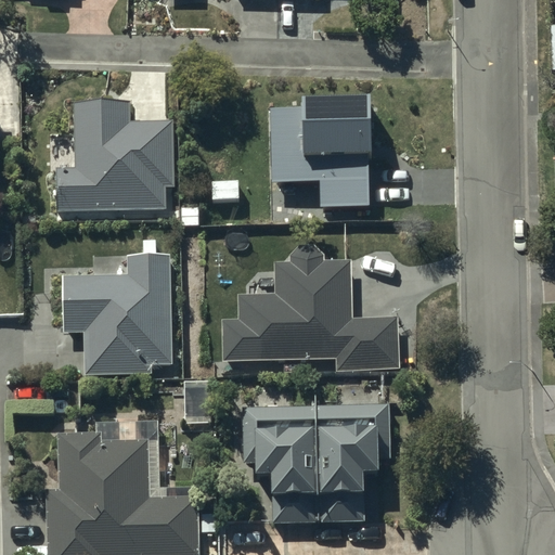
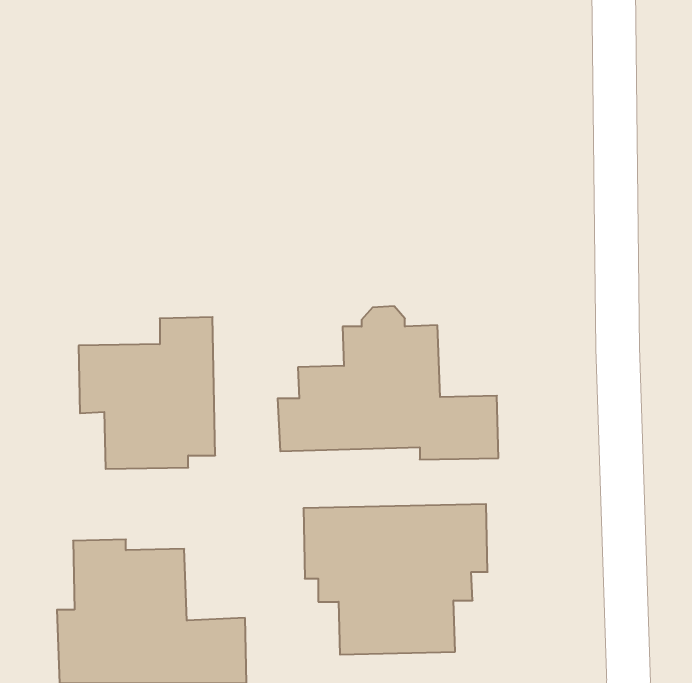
building: [55,102,173,210] -> none
building: [273,104,369,203] -> none

